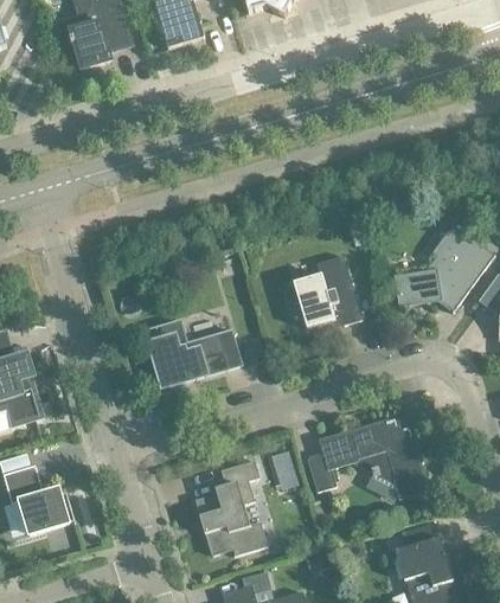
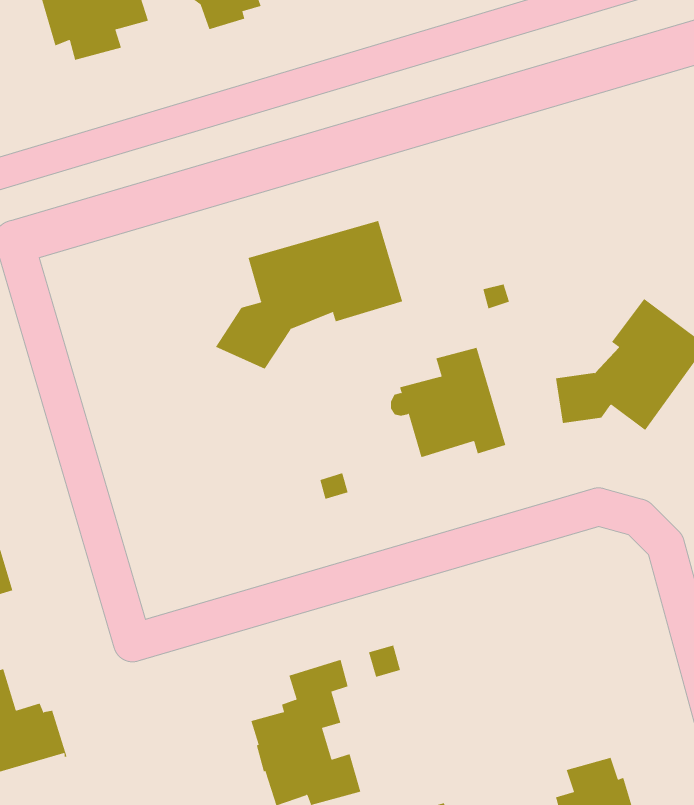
building: none -> [215,220,403,370]
building: [145,320,242,386] -> none
building: [307,419,427,496] -> none

